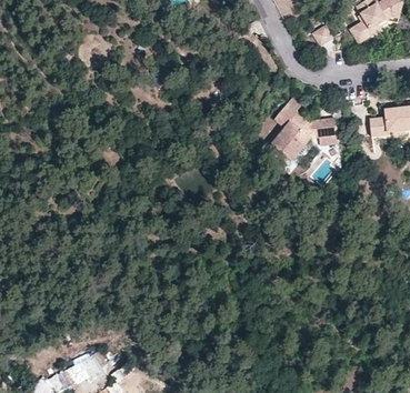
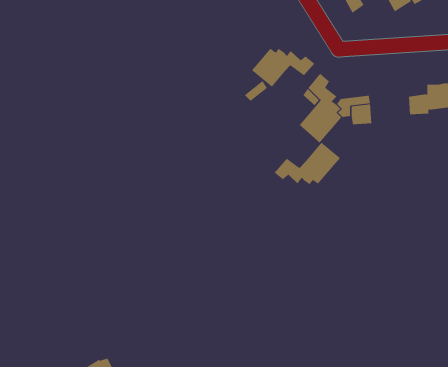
building: none -> [251,48,315,88]
building: none -> [274,142,341,185]

